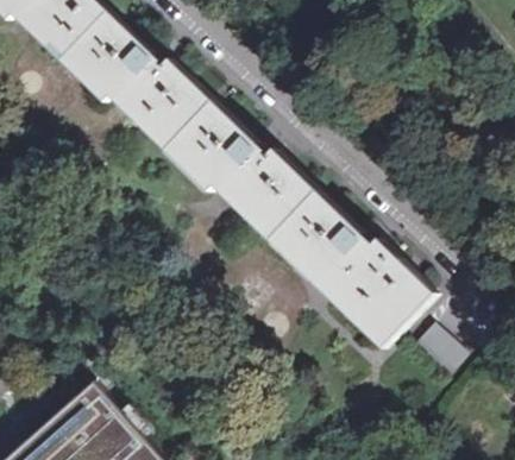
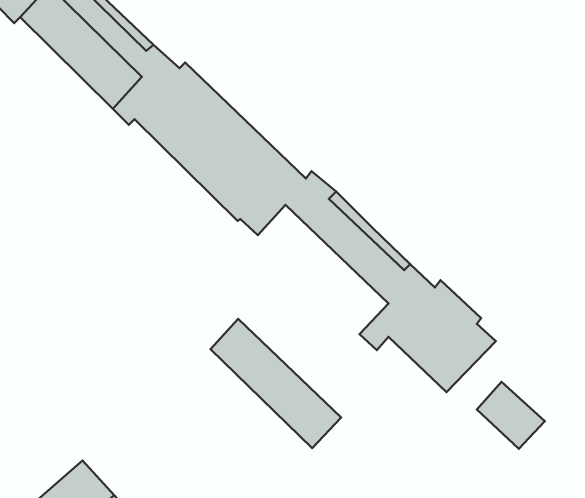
building: [230,179,337,285] -> [211,319,341,448]

